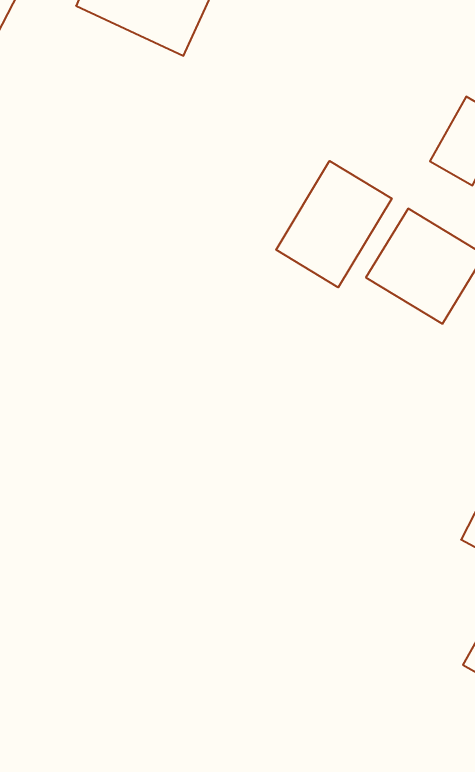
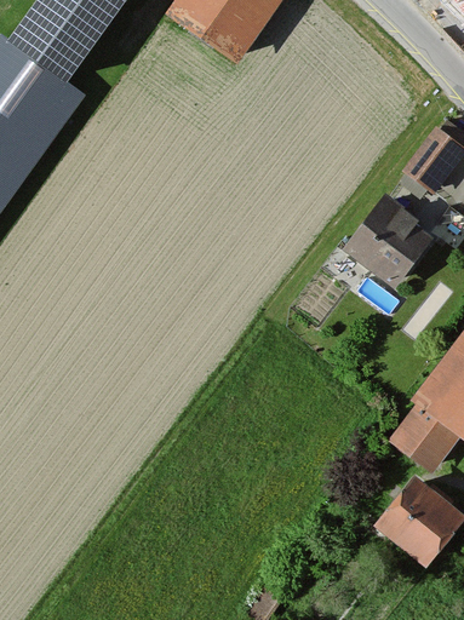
building: [276,161,392,287] -> none

